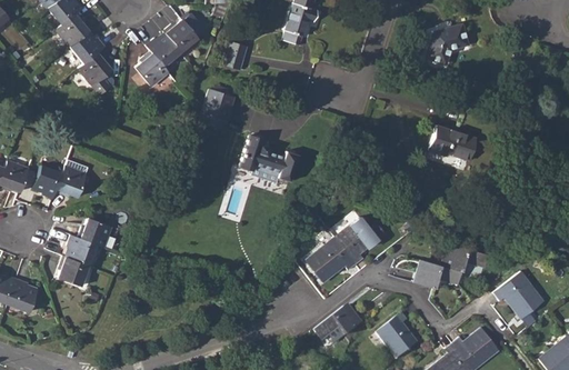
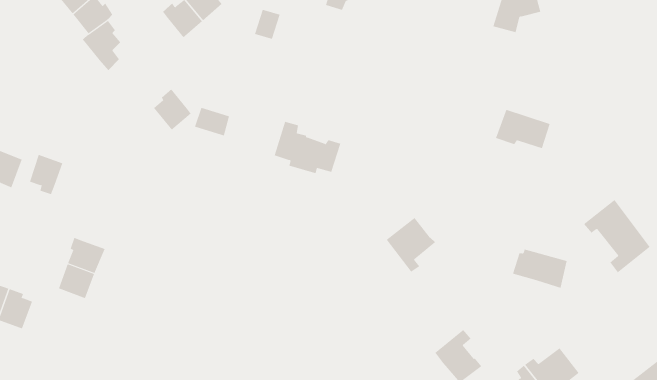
building: [134,50,167,86] -> [153,88,191,131]
building: [203,89,233,113] -> [194,107,230,136]
building: [56,166,87,196] -> none
building: [77,217,111,247] -> none
building: [305,237,356,281] -> none
building: [413,261,461,289] -> none
building: [492,271,549,333] -> [583,199,650,273]
building: [308,303,362,348] -> none

